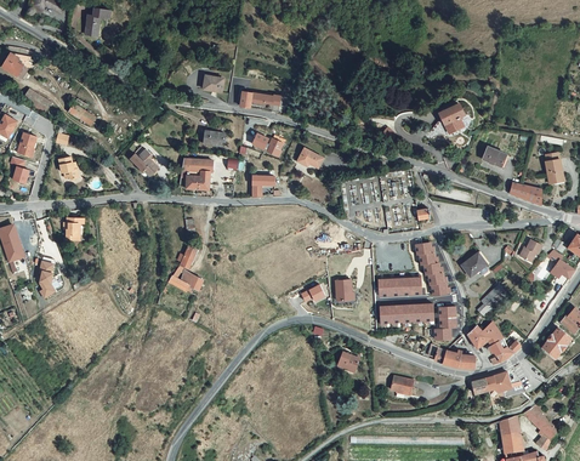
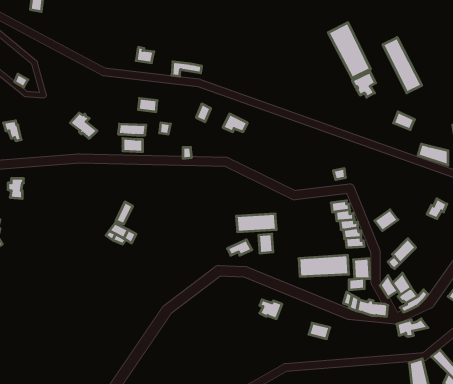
building: none -> [328,23,371,78]
building: none -> [383,37,422,93]
building: [377,277,421,296] -> [236,214,276,232]

